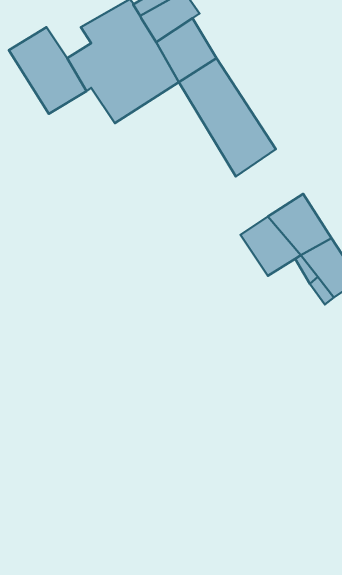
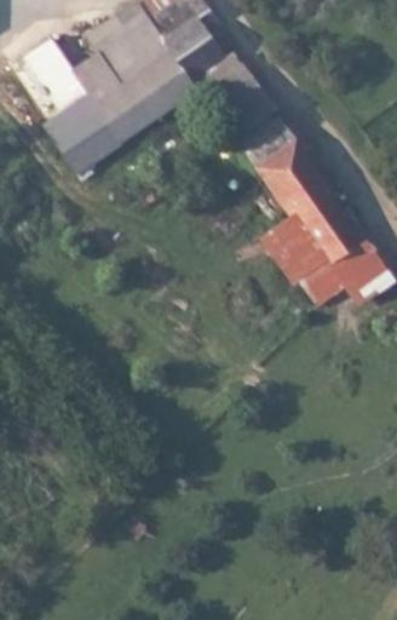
building: none -> [62,93,138,163]
building: none -> [266,159,338,230]

